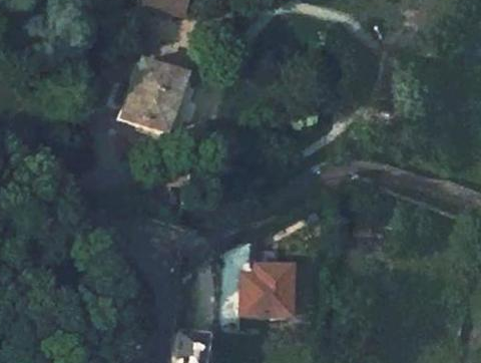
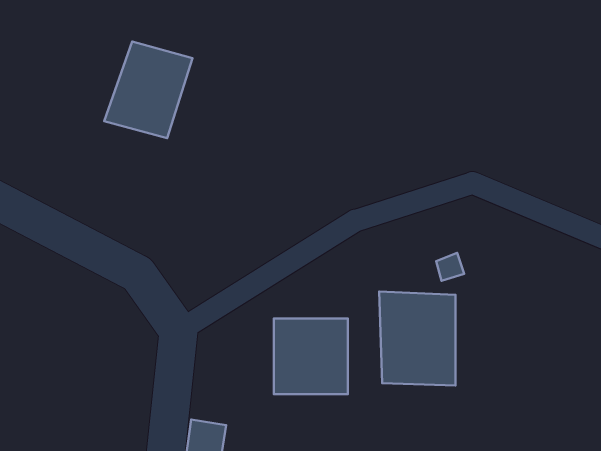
building: none -> [379,292,455,385]

